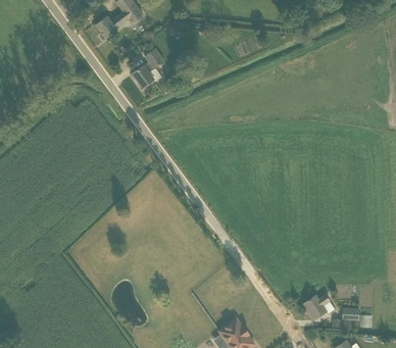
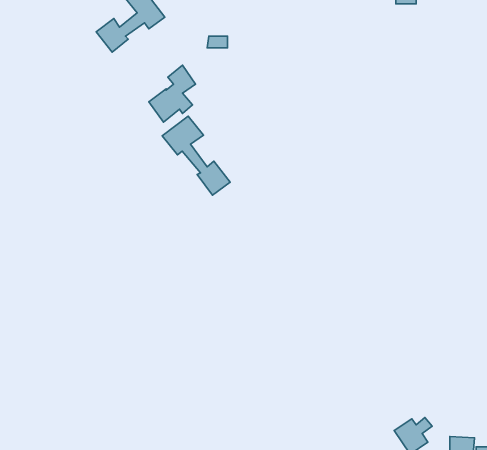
building: none -> [162,116,230,195]

